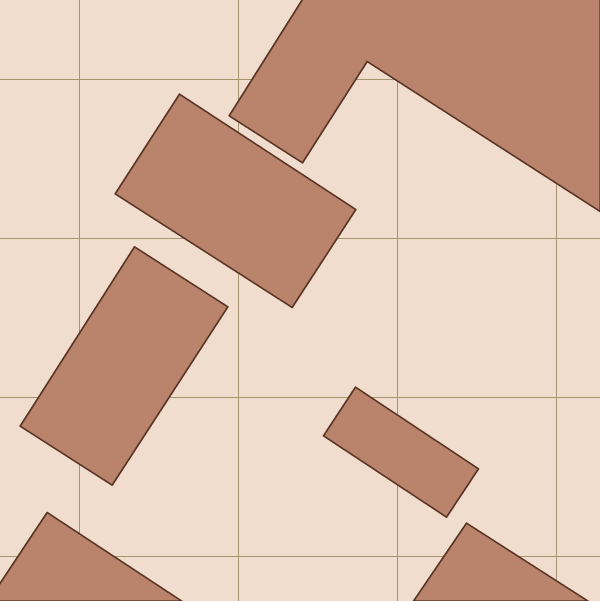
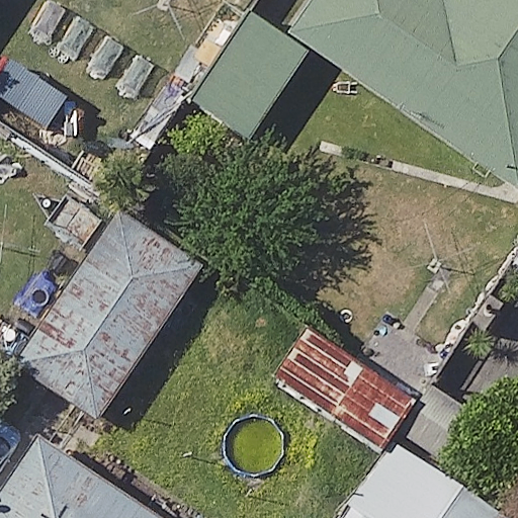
building: [115,94,356,307] -> none

